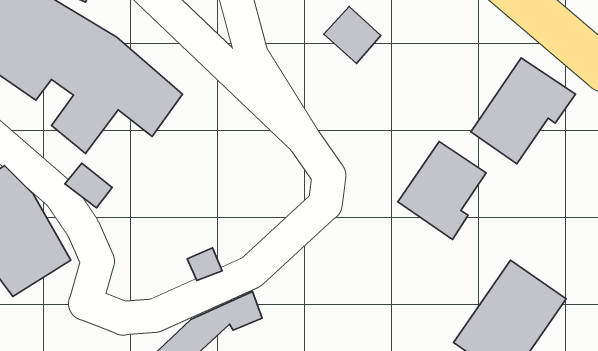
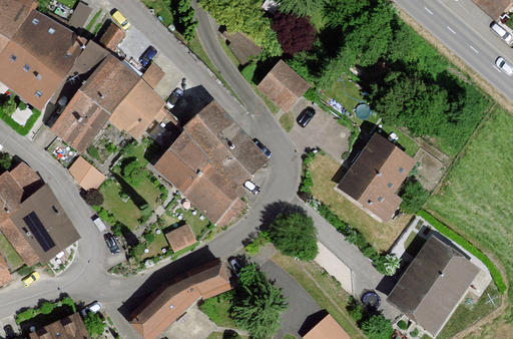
building: [324,6,381,63] -> [262,67,309,114]
building: [471,58,576,164] -> none
building: none -> [159,100,266,216]

